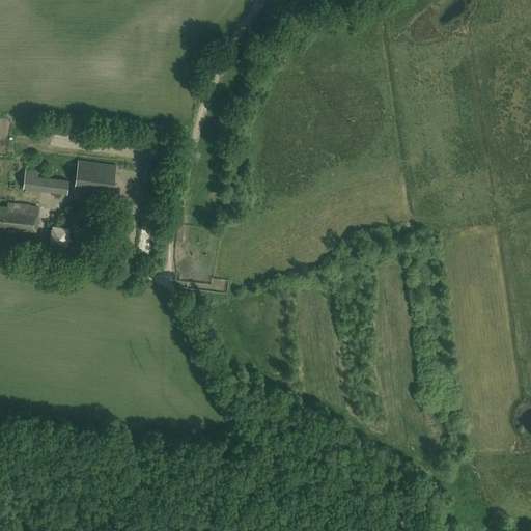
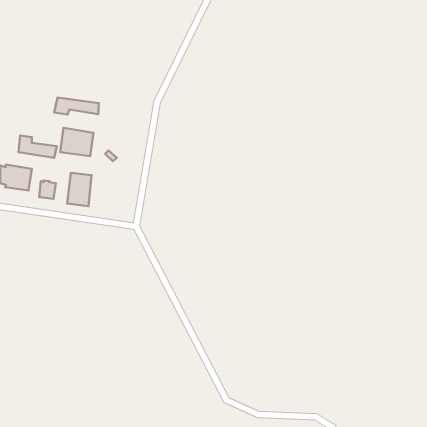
building: none -> [54,98,99,115]
building: none -> [67,173,92,206]

